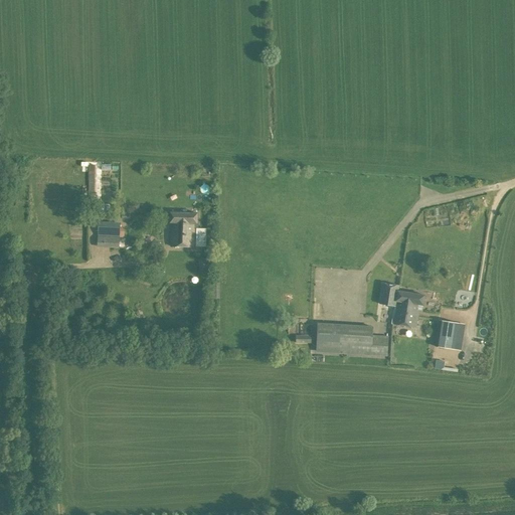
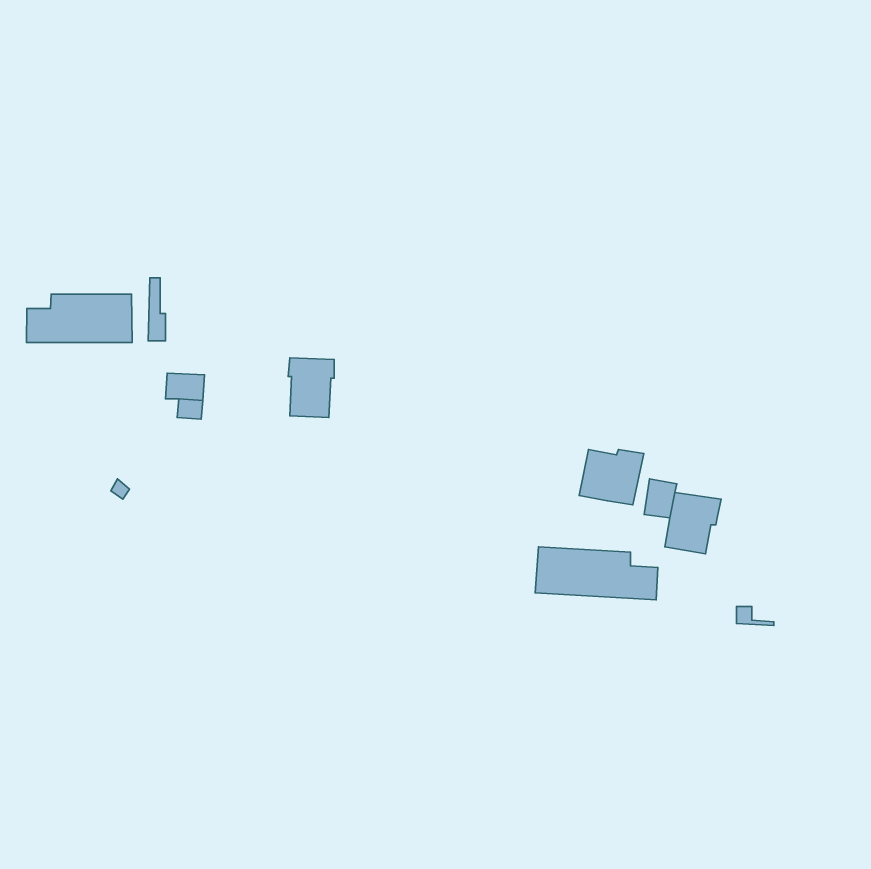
building: none -> [27,294,132,343]
building: none -> [579,449,644,505]
building: [435,320,458,348] -> none

